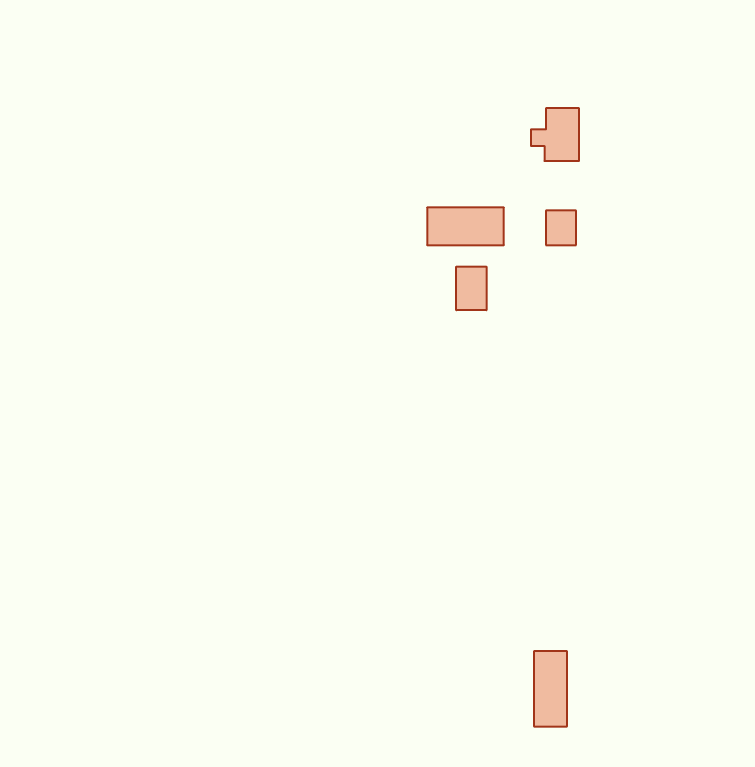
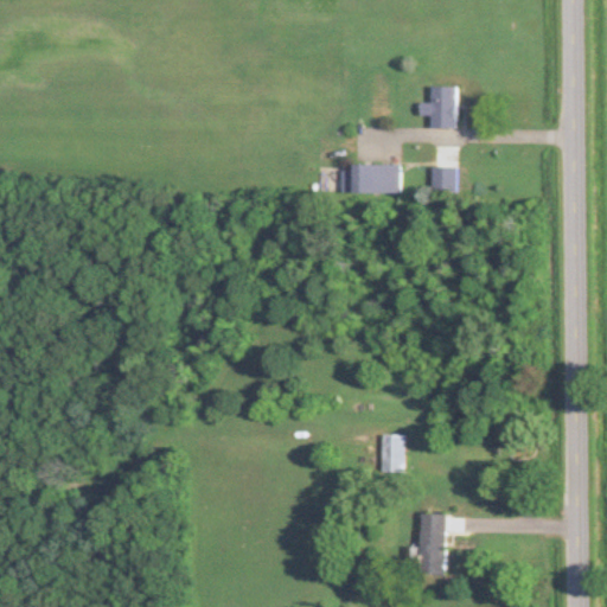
building: [456,267,486,310] -> none
building: none -> [379,433,402,472]

